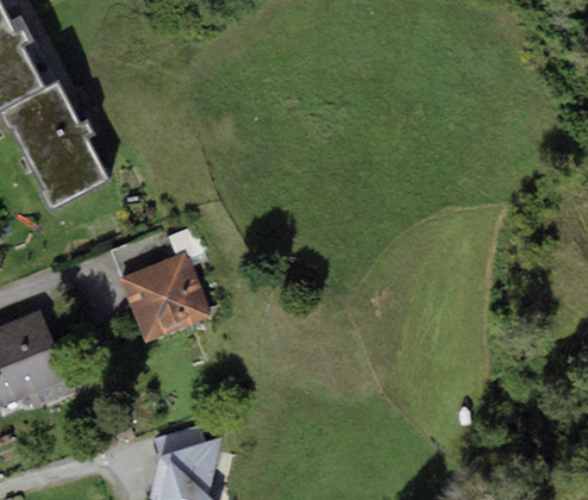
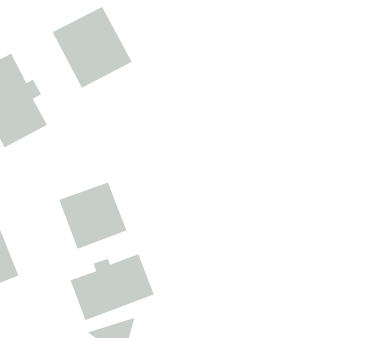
building: none -> [52,6,133,89]
building: none -> [70,253,155,321]

